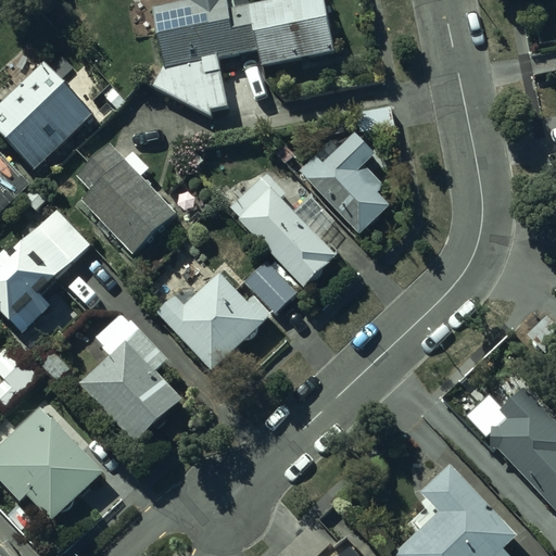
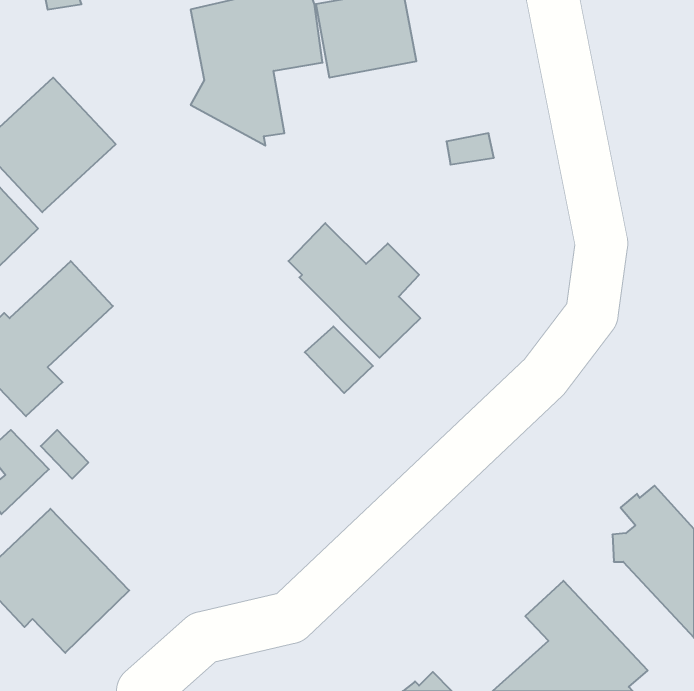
building: [299,132,390,233] -> none
building: [76,143,176,254] -> none
building: [154,271,271,371] -> none
building: [78,315,181,443] -> none

